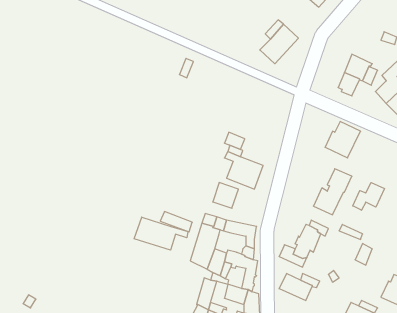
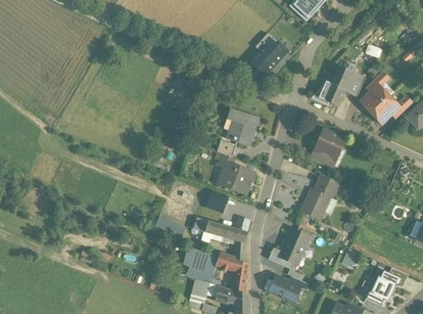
building: none -> [227,109,259,145]
building: [353,183,384,210] -> none
building: [134,217,188,250] -> none

